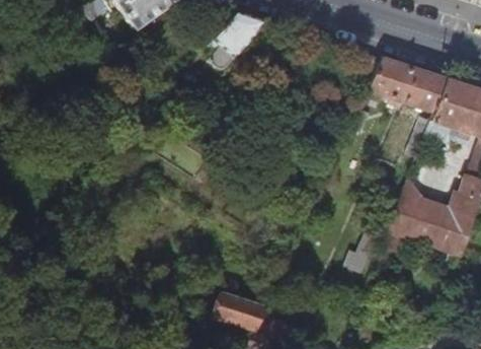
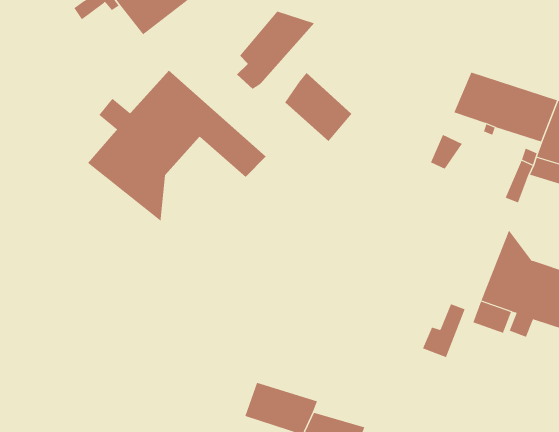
building: none -> [87,70,266,222]
building: none -> [284,72,352,142]

